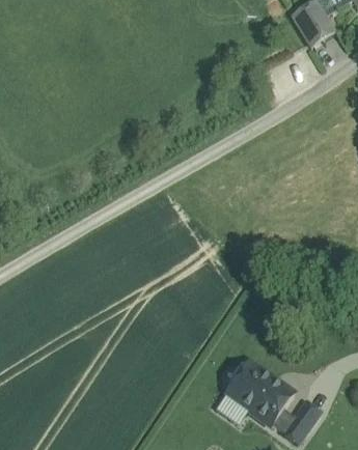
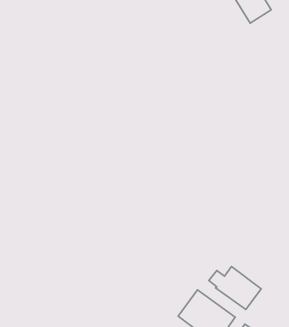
building: none -> [209,267,261,310]

